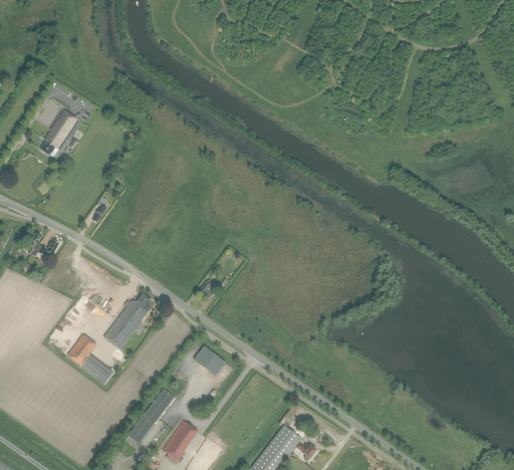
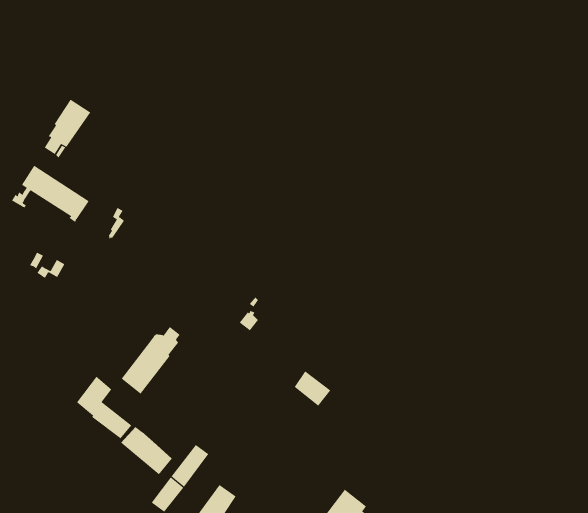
building: none -> [11,165,90,223]
building: [194,345,224,375] -> [294,371,331,407]
building: none -> [120,426,173,475]

